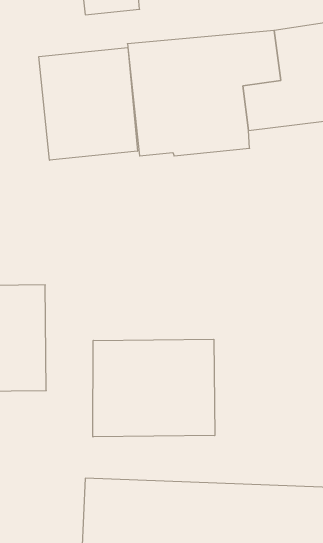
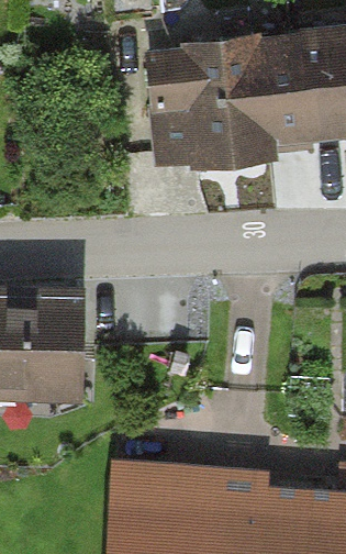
building: [39,47,138,160] -> none
building: [93,339,215,437] -> none

